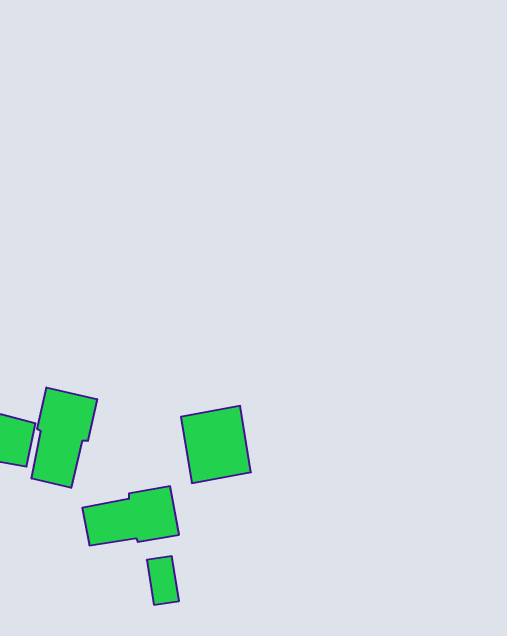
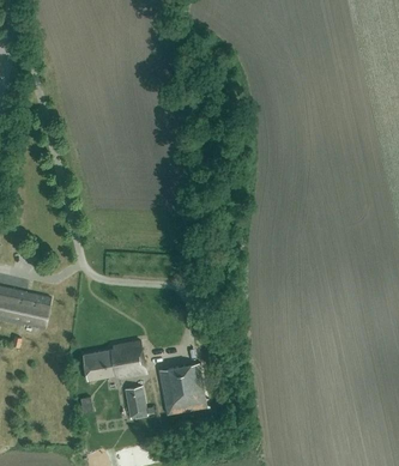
building: [32,387,97,488] -> none
building: [181,406,251,483] -> [159,363,206,414]

